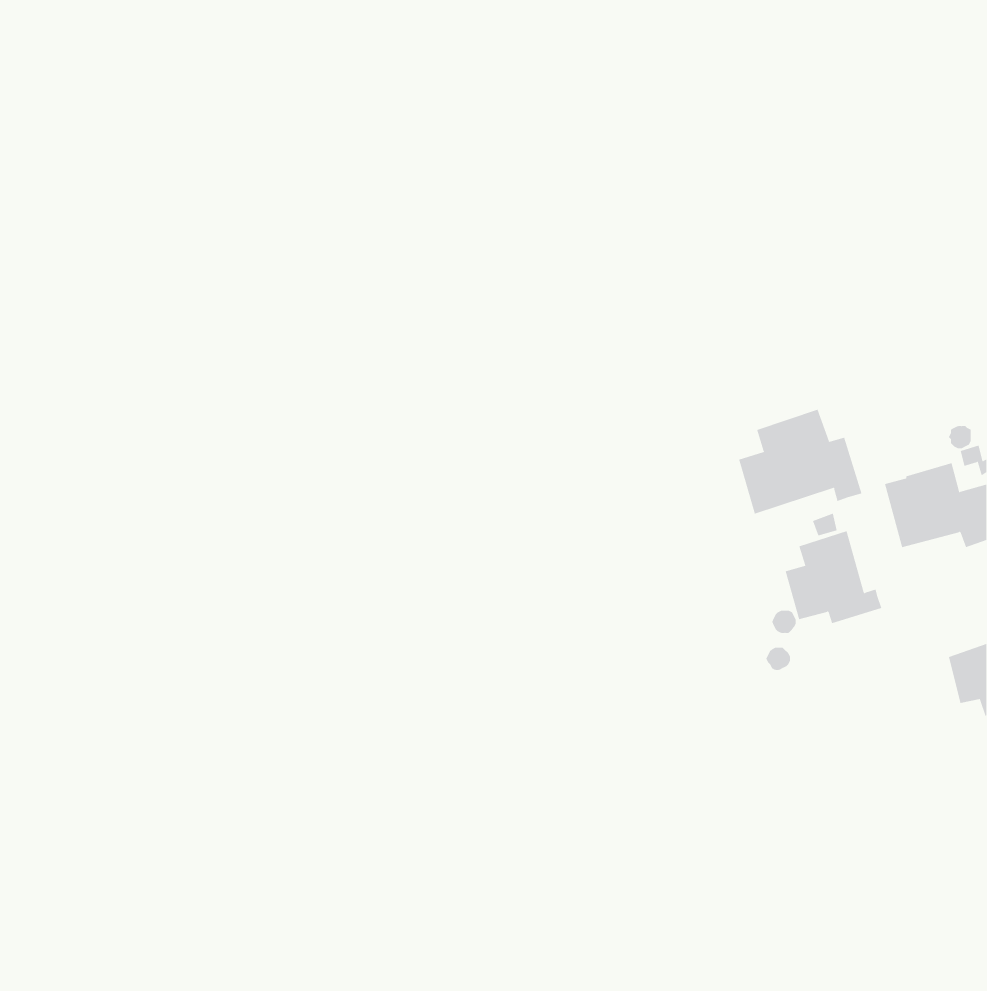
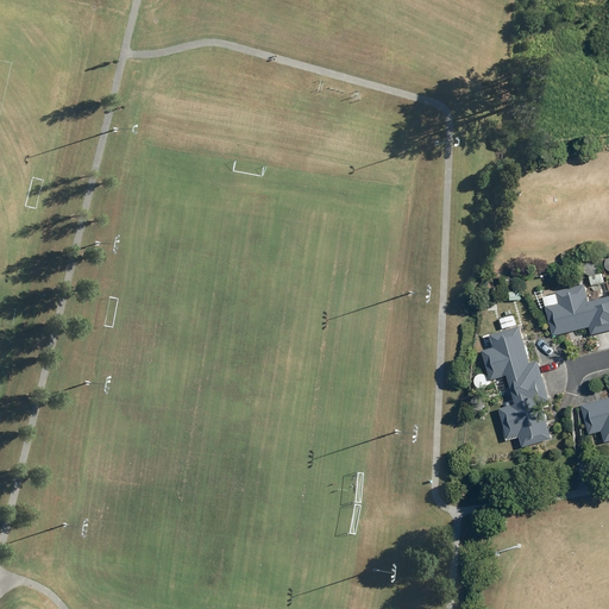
building: [738,409,862,515] -> none
building: none -> [498,372,551,446]

